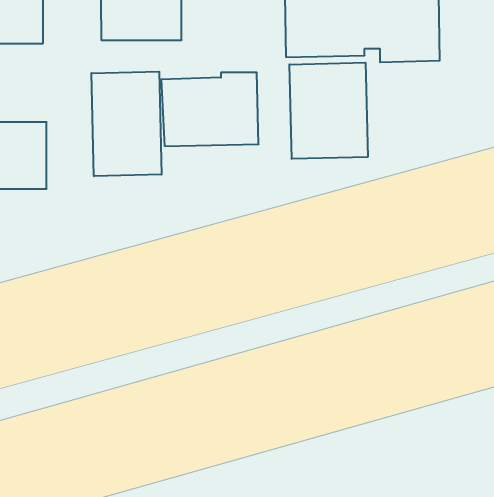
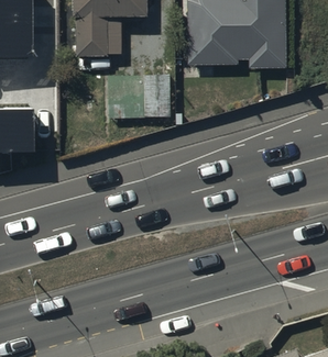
building: [289,63,368,159] -> none
building: [91,72,162,176] -> none

